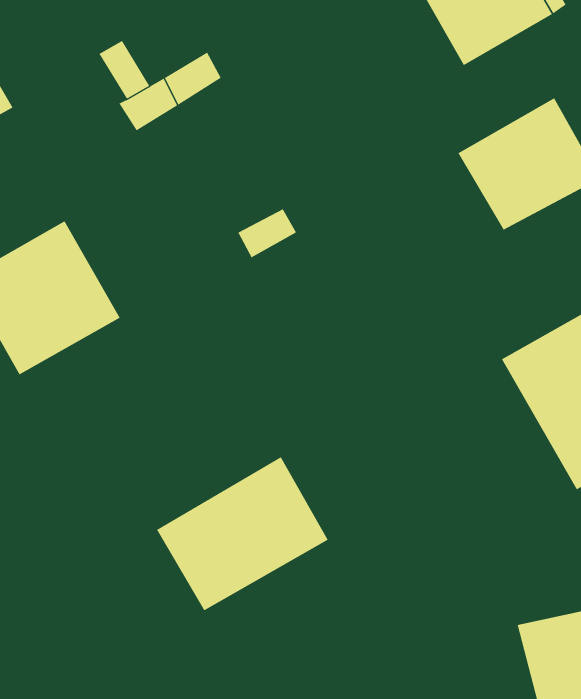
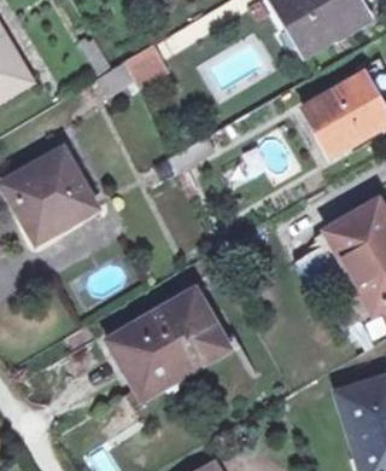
building: none -> [109,336,227,399]

